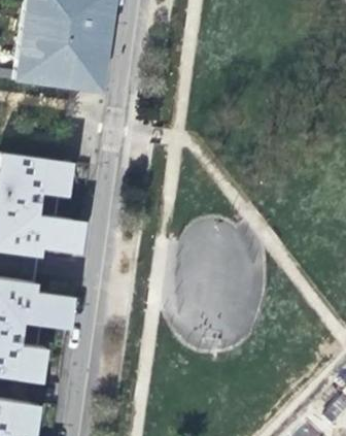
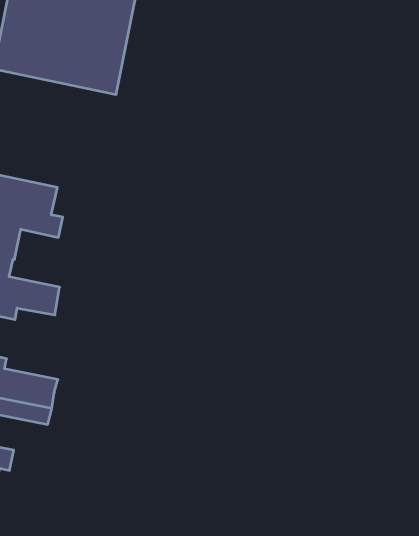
building: [34,214,83,254] -> none

